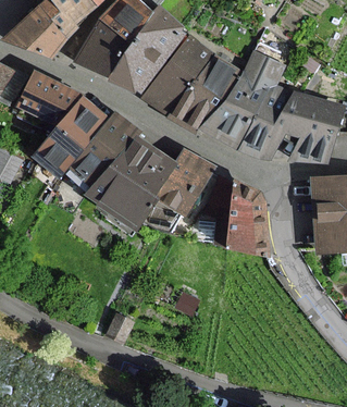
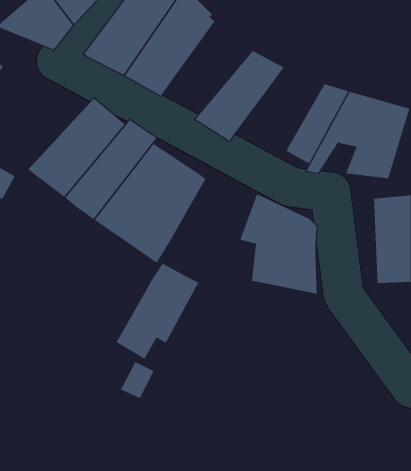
building: [140,35,214,113] -> none
building: [198,50,284,148] -> none
building: [18,70,84,125] -> none
building: [146,150,214,230] -> [116,263,199,359]

